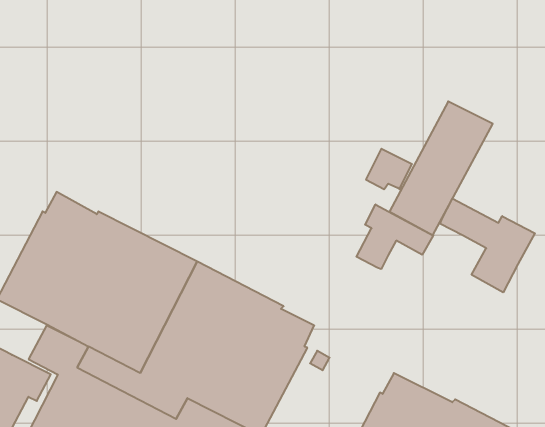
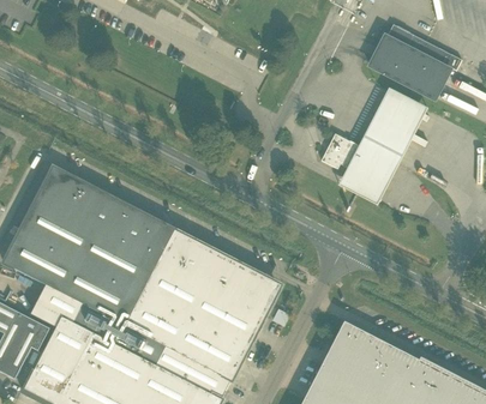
building: none -> [368,24,461,100]
building: [440,198,535,292] -> none
building: [356,204,433,269] -> none

